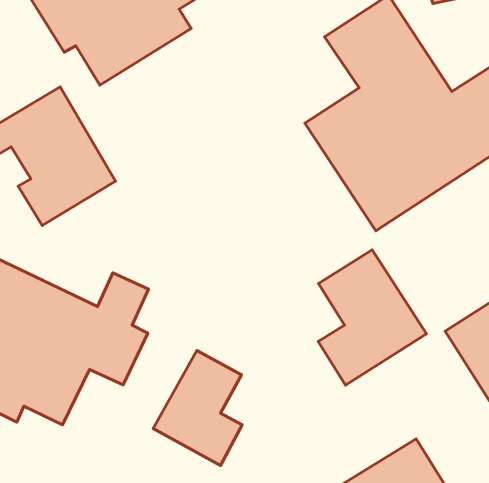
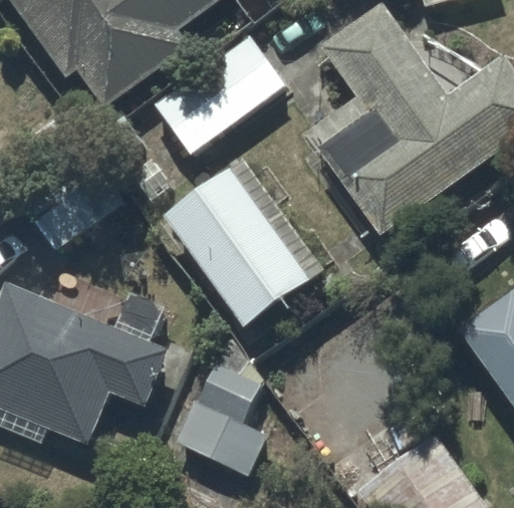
building: none -> [153,36,285,153]
building: none -> [164,159,324,328]
building: [318,250,427,385] -> none

